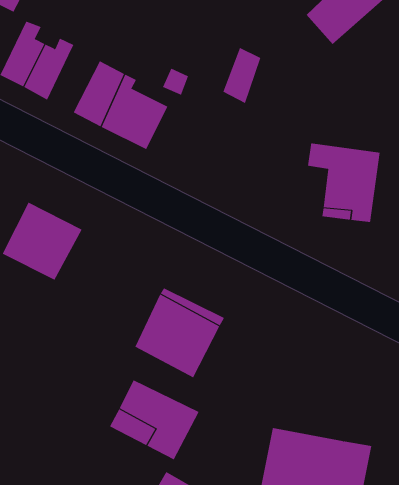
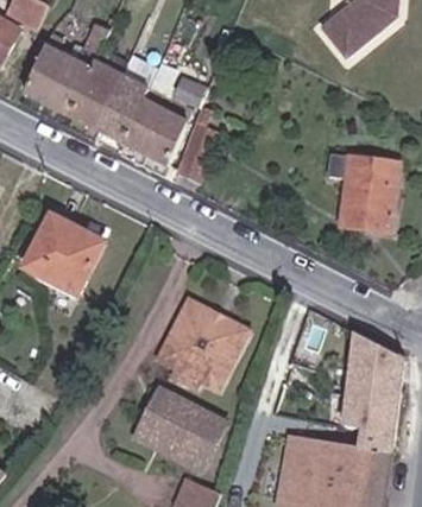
building: [223,47,261,104] -> [178,123,216,179]
building: none -> [69,62,120,126]
building: none -> [344,331,407,454]

